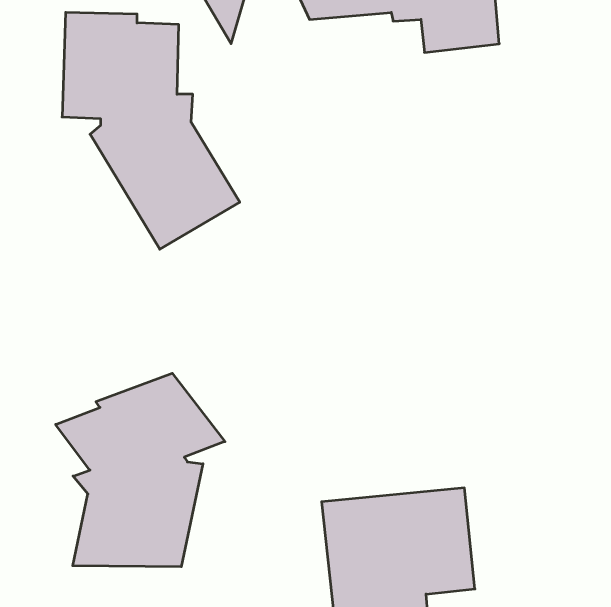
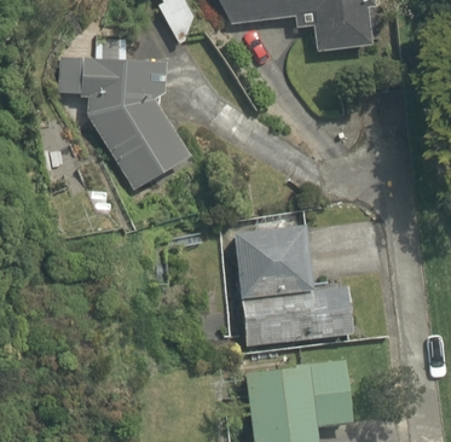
building: none -> [233,221,354,349]
building: [56,373,225,567] -> none

